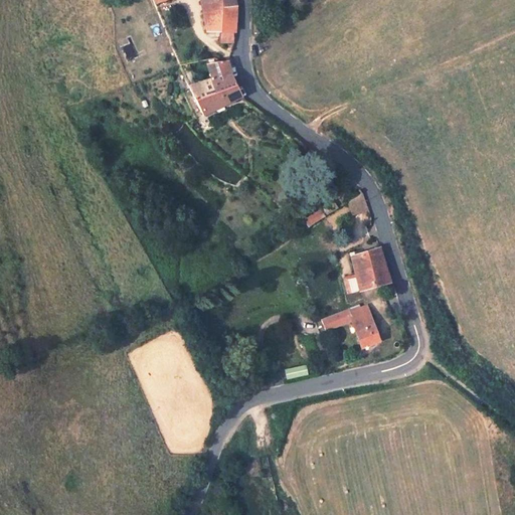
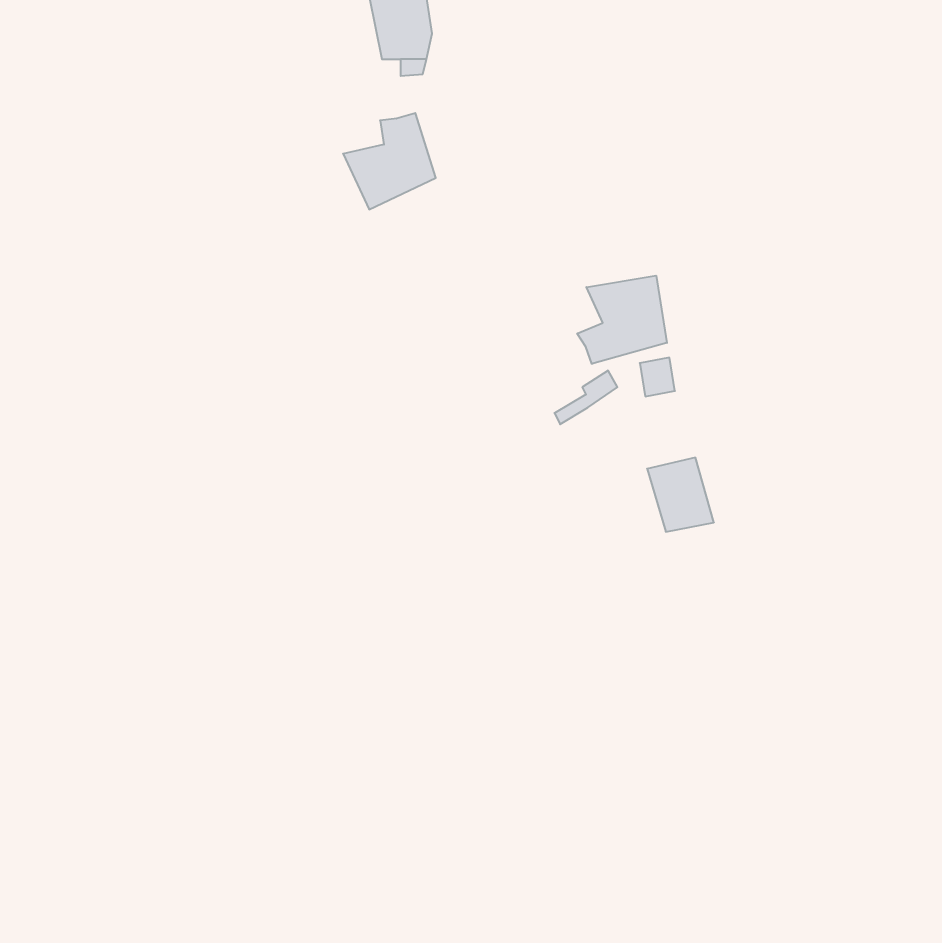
building: none -> [577,276,667,364]
building: [323,305,379,348] -> none

